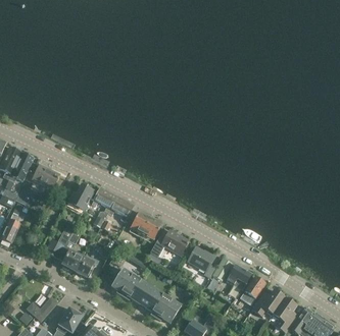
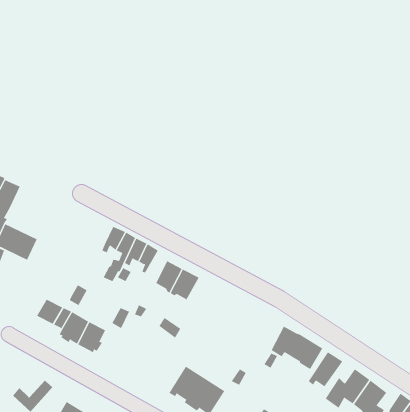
building: [32,164,59,188] -> none
building: [65,184,94,215] -> none
building: [150,231,188,258] -> none
building: [188,246,215,278] -> none
building: [111,269,152,306] -> none

